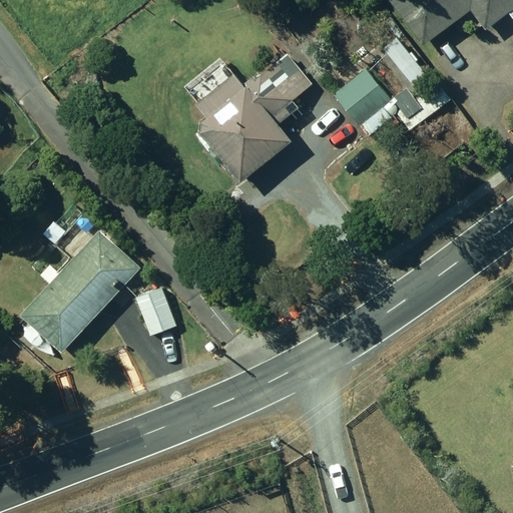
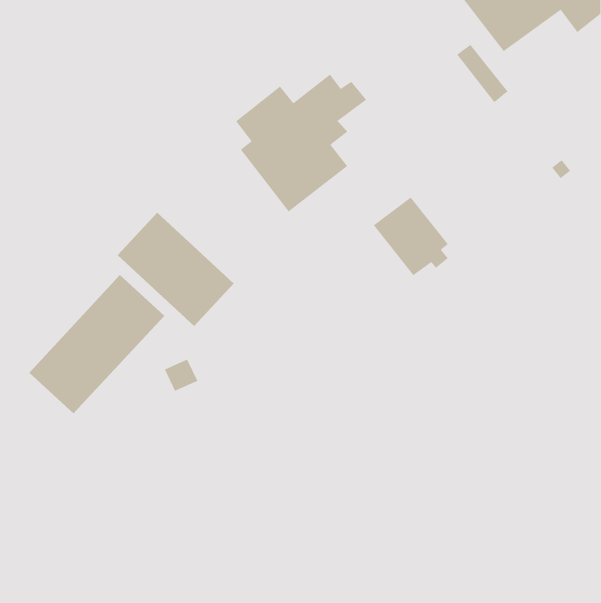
building: [334,67,398,134] -> [373,197,449,276]
building: none -> [117,212,235,327]

